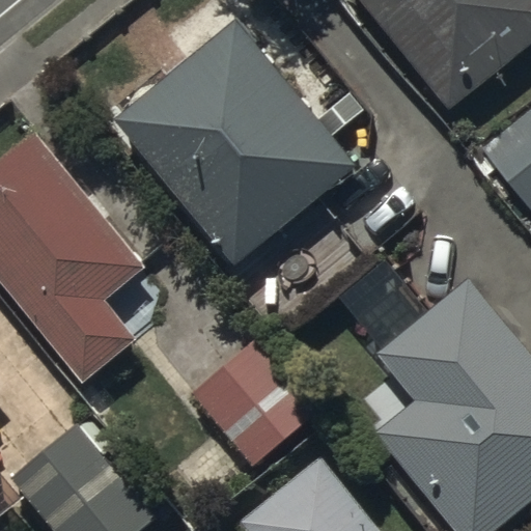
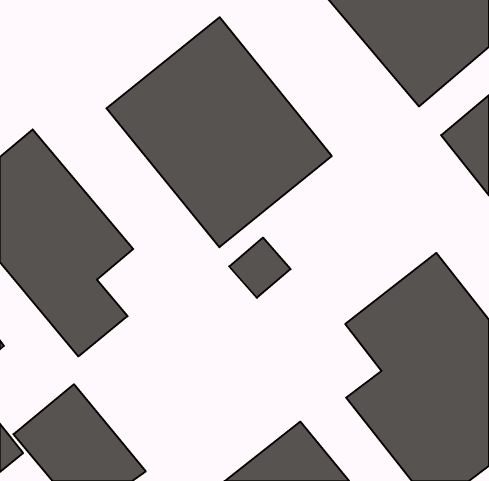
building: [193,346,311,468] -> none

